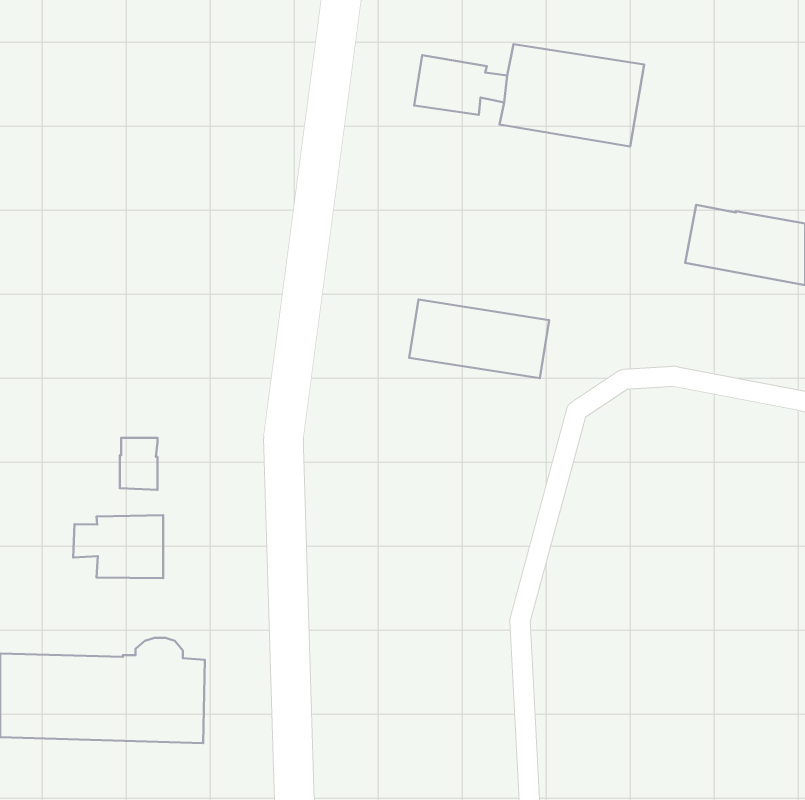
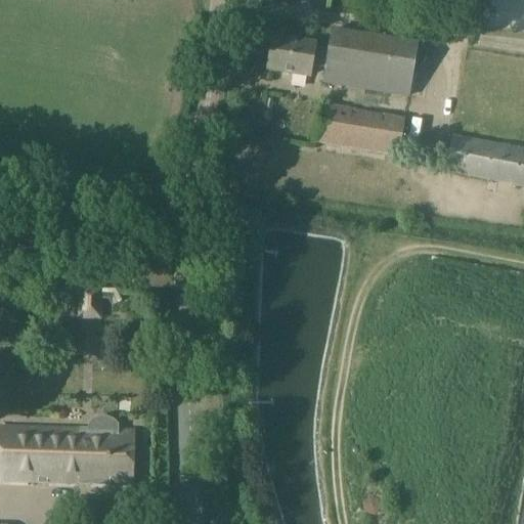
building: [409,300,549,378] -> [315,103,406,155]
building: [73,515,163,578] -> none

